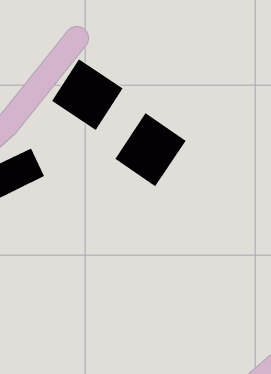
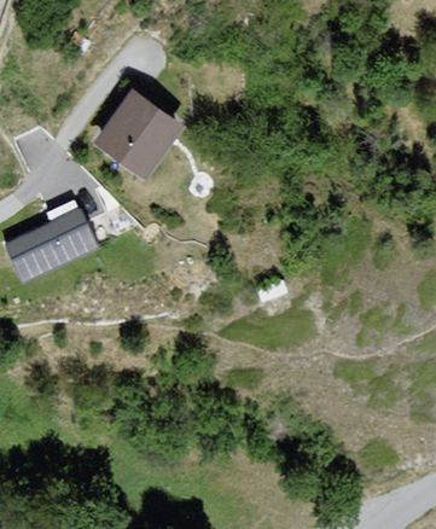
building: [115,112,186,187] -> none

